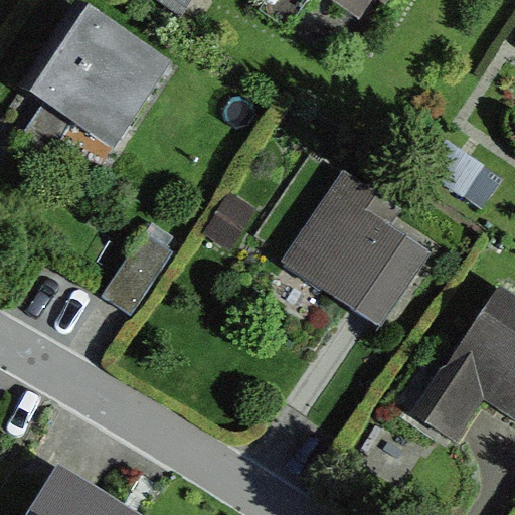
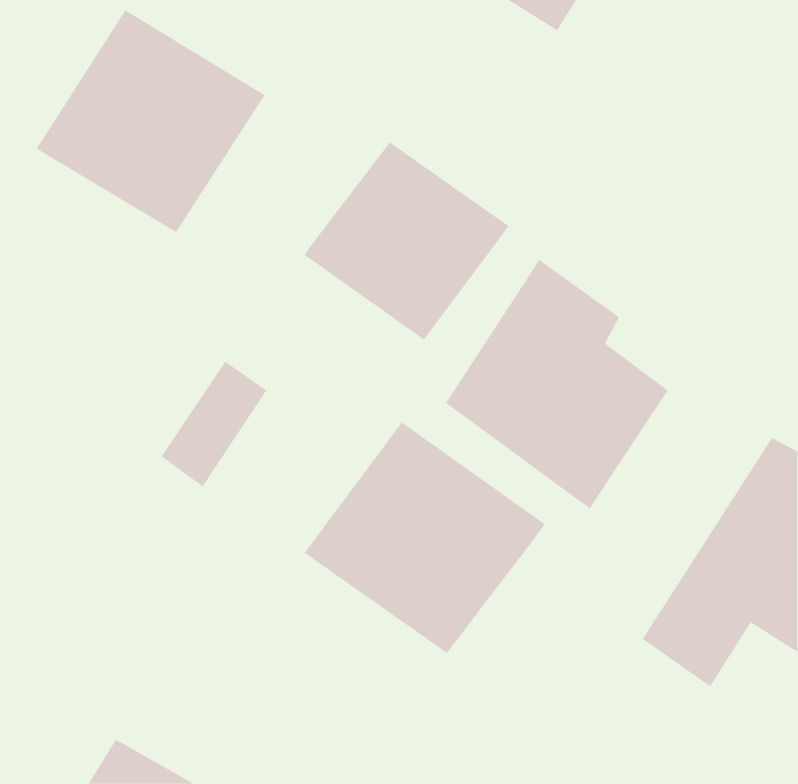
building: none -> [304,142,509,341]
building: none -> [304,422,546,654]

